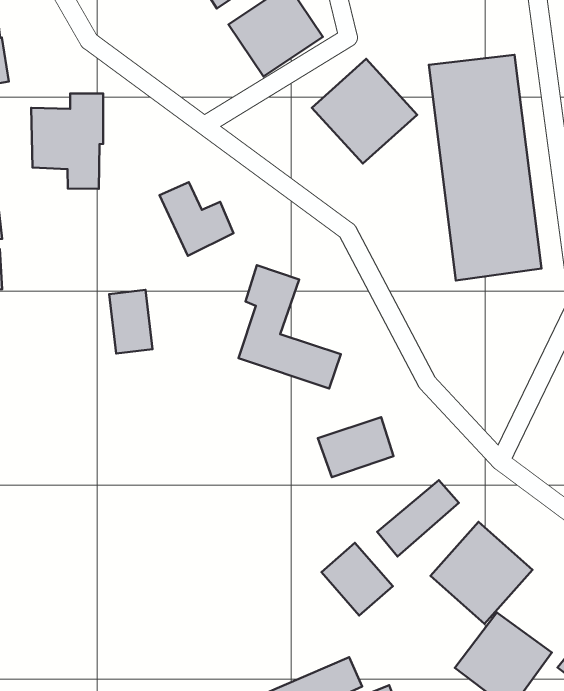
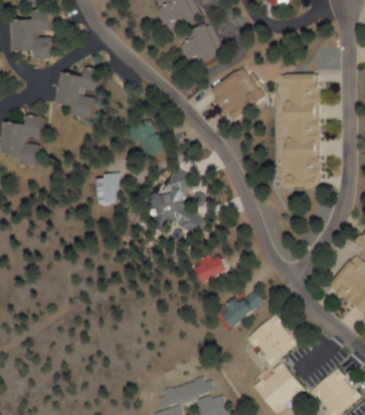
building: [321,543,393,615] -> none

